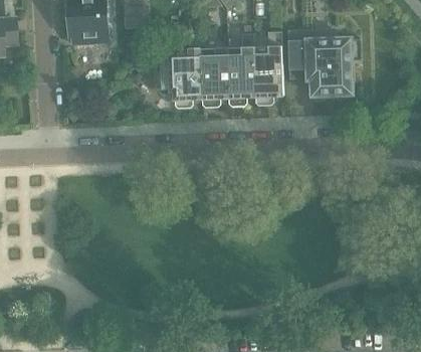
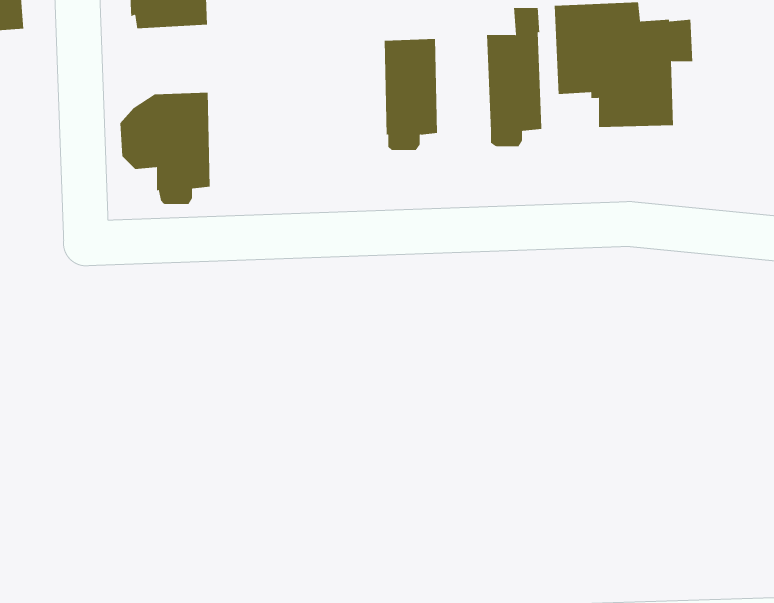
building: [229,35,257,108] -> none
building: [156,51,203,110] -> [120,92,210,204]

